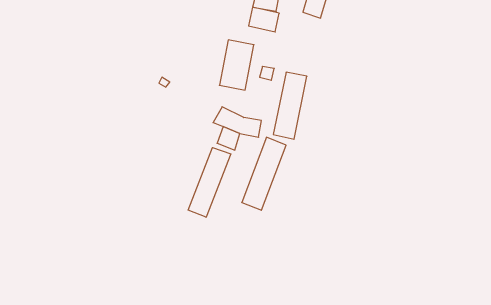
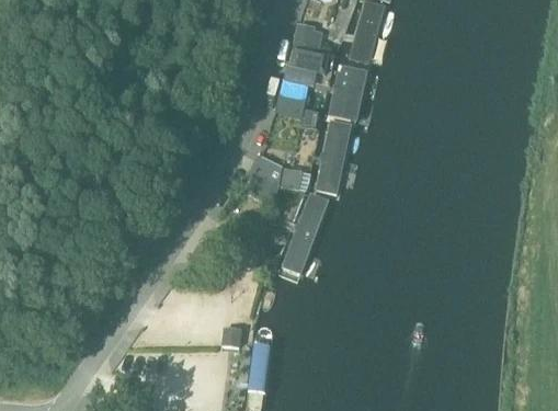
building: [219,40,254,90] -> [328,61,366,117]
building: [188,148,231,217] -> none

